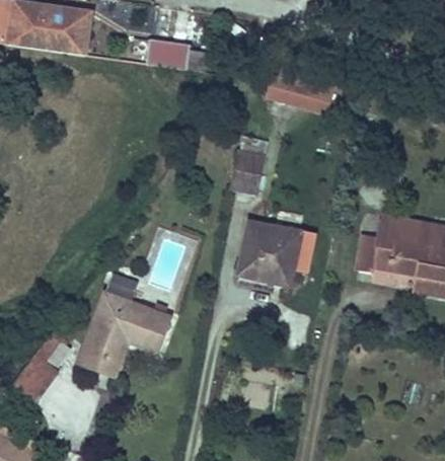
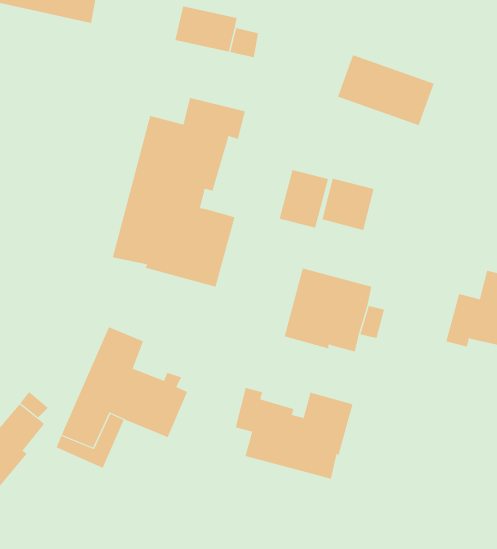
building: none -> [112,97,246,288]
building: none -> [322,178,374,231]
building: none -> [235,387,353,480]

